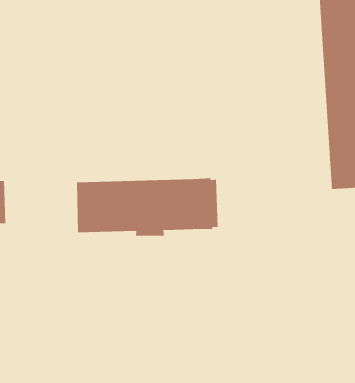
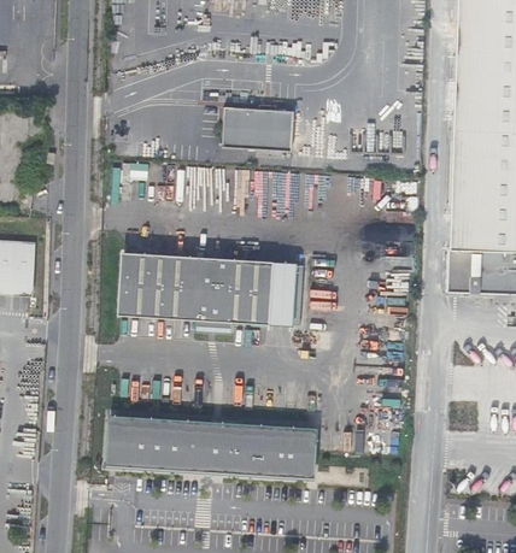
building: none -> [224,104,297,148]
building: none -> [102,414,316,478]

